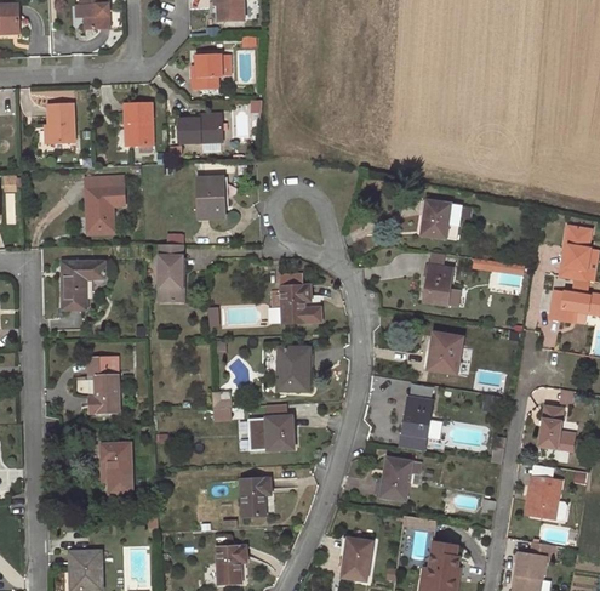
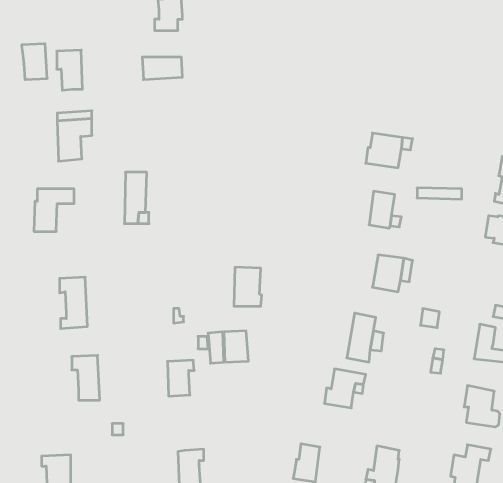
building: [125,102,153,146] -> [57,50,82,90]
building: [196,176,225,217] -> none
building: [272,273,321,322] -> none
building: [241,477,270,516] -> [167,360,194,396]

